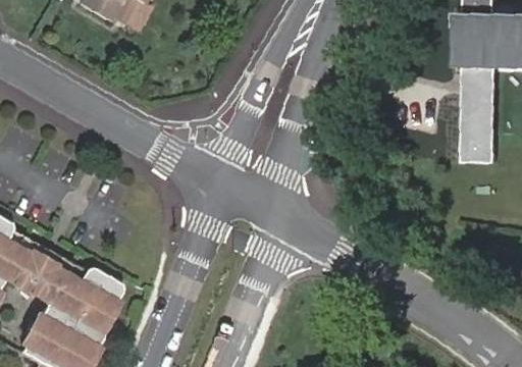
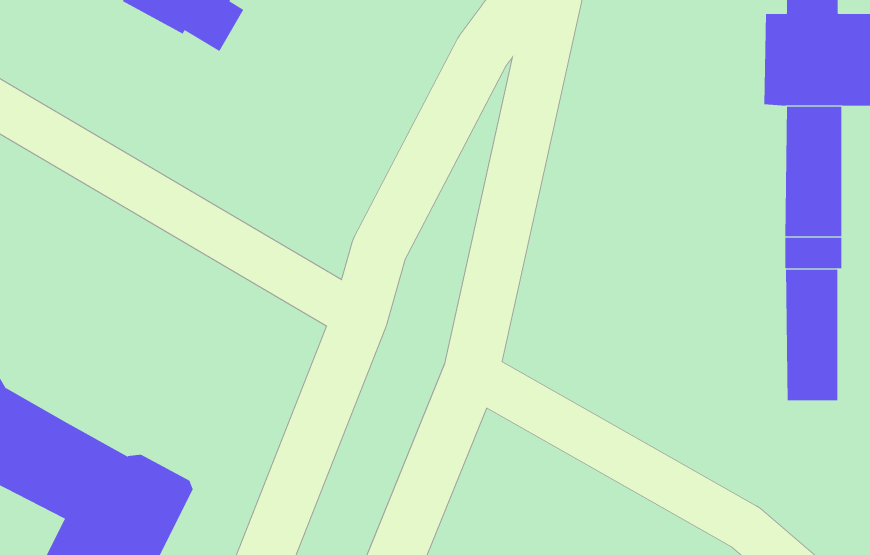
building: none -> [786,269,838,401]

